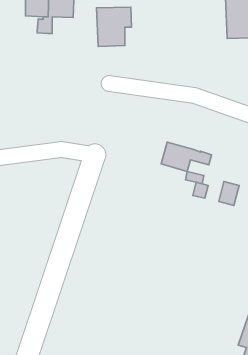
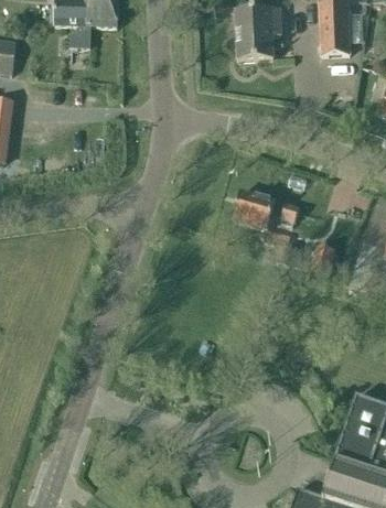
building: [96,7,132,46] -> [236,8,282,60]

